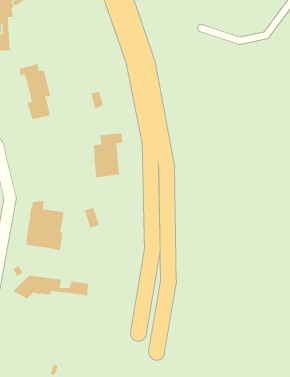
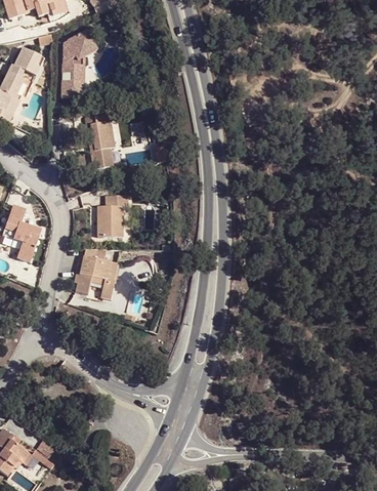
building: [93,133,123,178] -> [97,195,128,237]
building: [12,275,89,299] -> none

